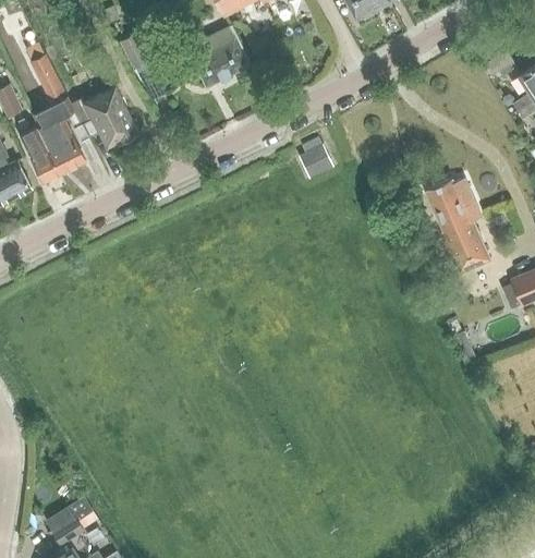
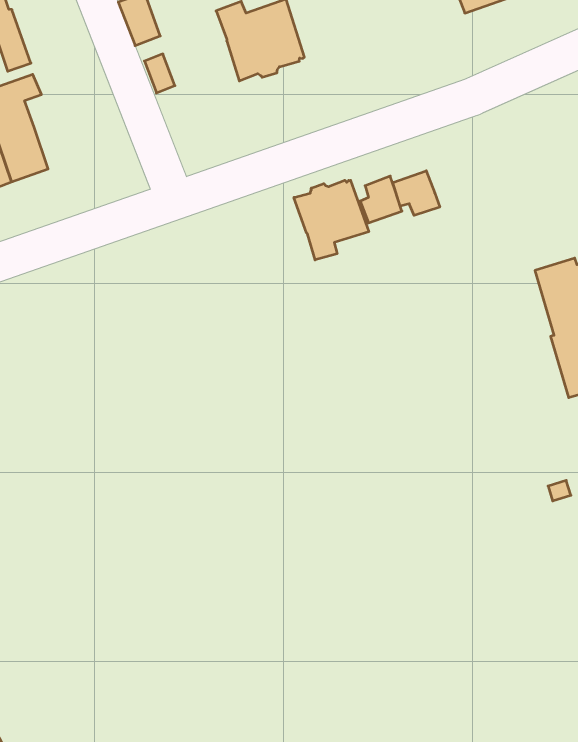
building: [69,87,138,148] -> none
building: none -> [393,171,440,215]
building: none -> [294,180,369,260]

